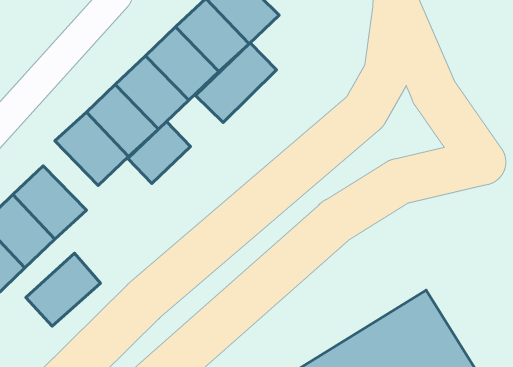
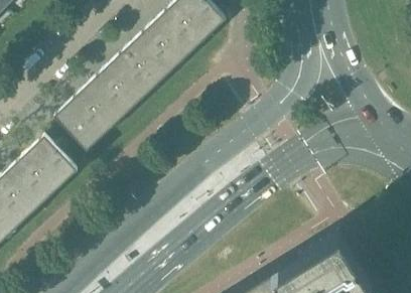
building: [195,43,277,122] -> none
building: [128,122,191,183] -> none
building: [26,253,100,326] -> none

